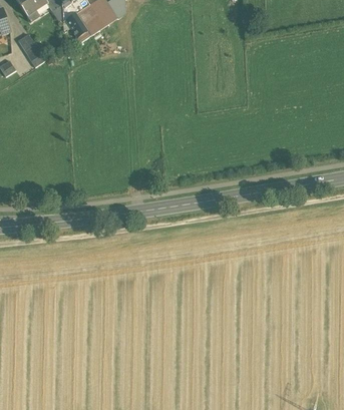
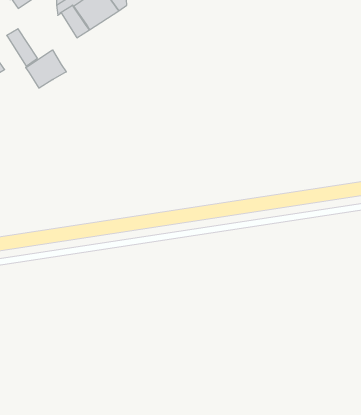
building: none -> [26,50,66,88]

